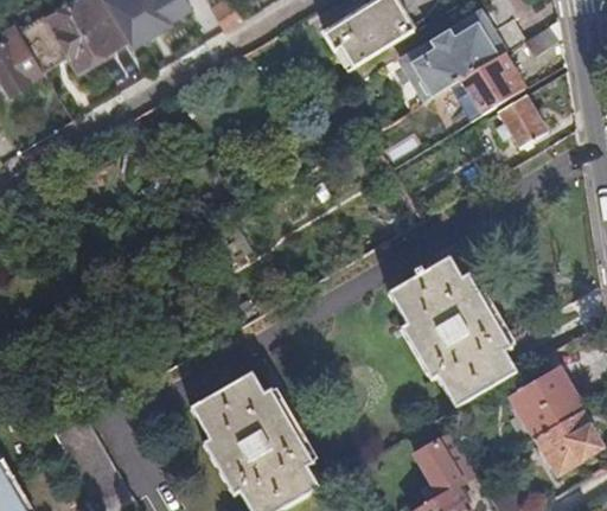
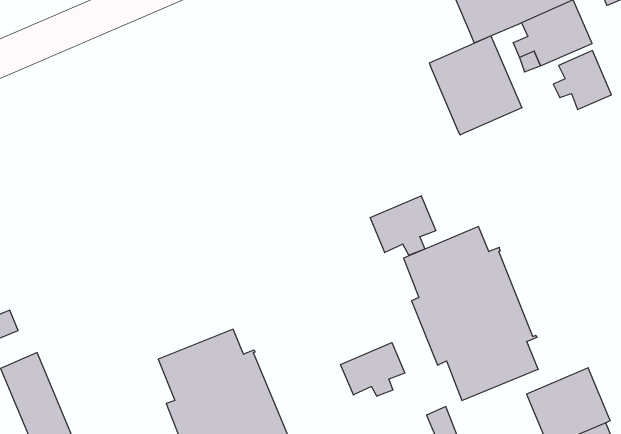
building: none -> [429,36,522,135]
building: none -> [370,196,436,255]
building: none -> [341,343,405,396]

